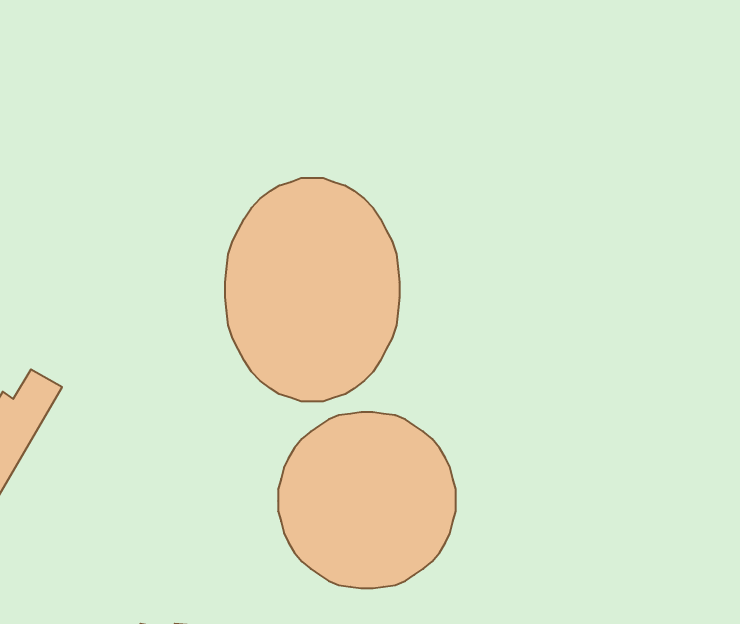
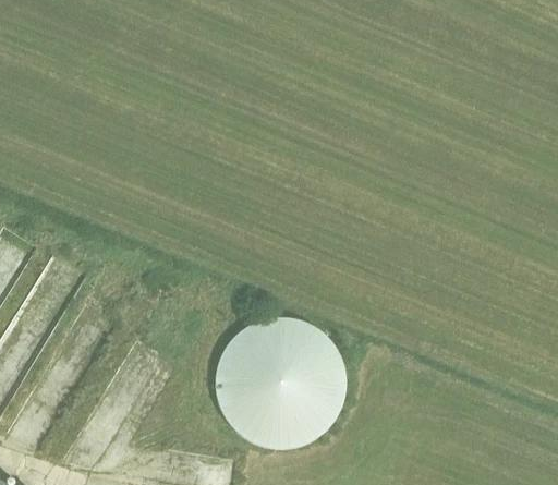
building: [225,178,399,401] -> none

